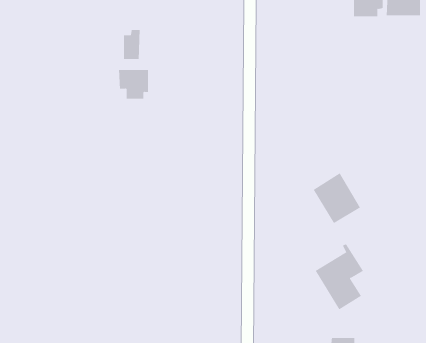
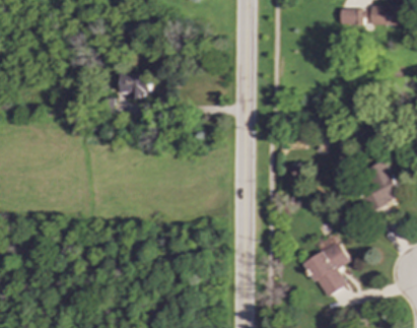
building: [123,29,140,60] -> none
building: [313,172,361,224] -> [357,158,402,206]

